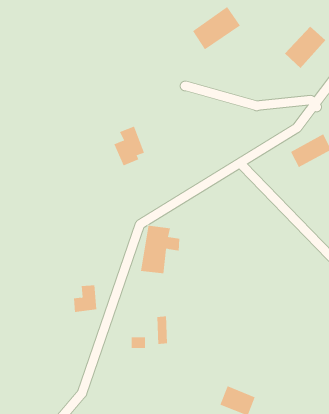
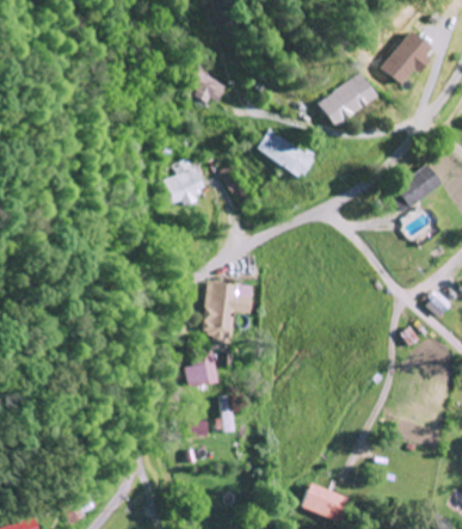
building: [192,6,241,50] -> [318,73,378,128]
building: none -> [191,70,228,103]
building: none -> [257,129,316,178]
building: [73,285,97,312] -> [187,351,217,386]

